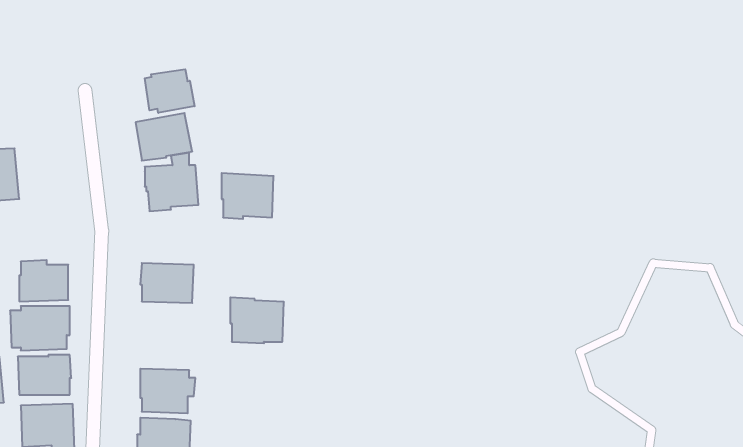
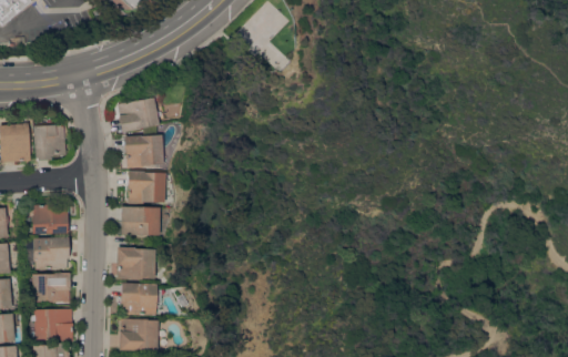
building: [145,69,195,113] -> none
building: none -> [33,124,67,161]
building: [222,173,274,219] -> [126,171,164,204]
building: [230,297,284,343] -> [115,246,154,279]

